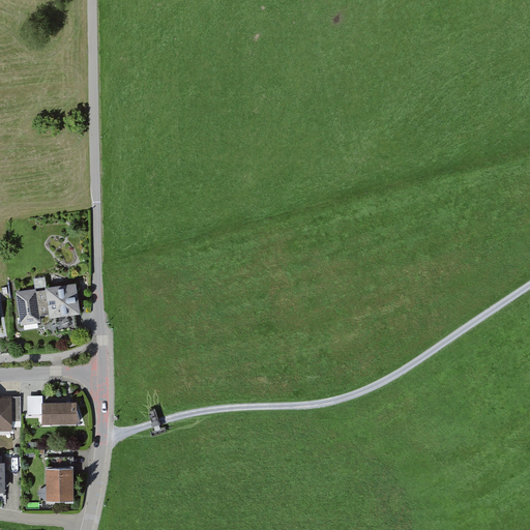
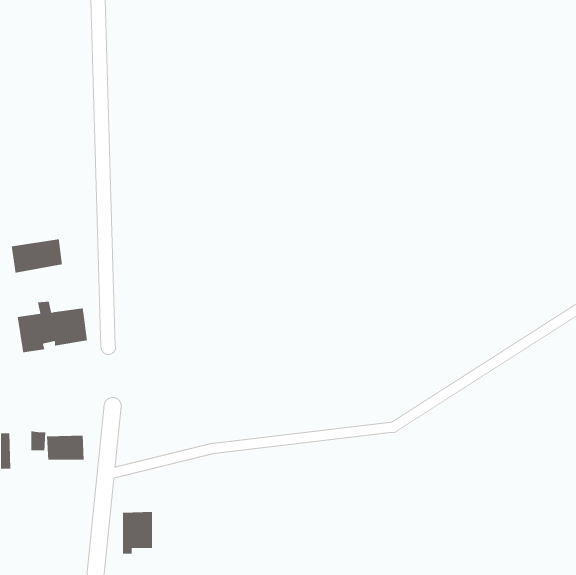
building: none -> [11,238,63,273]
building: [46,467,73,506] -> [122,511,153,554]

